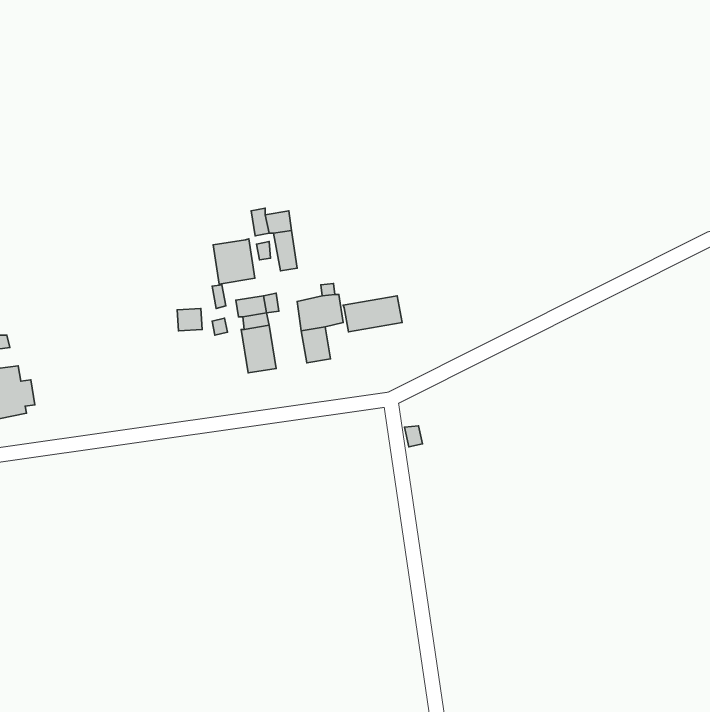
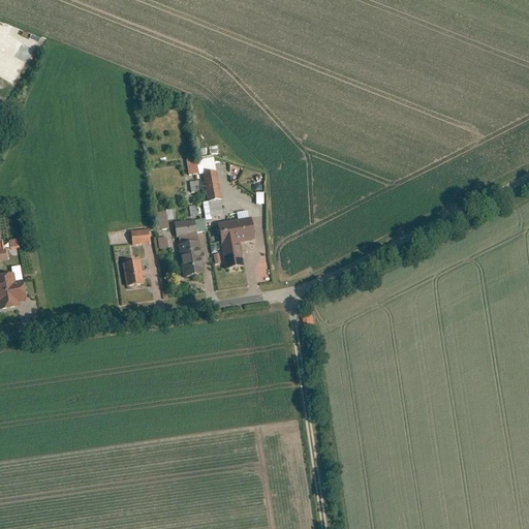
building: [213,239,255,284] -> none
building: [343,296,402,332] -> none
building: none -> [123,259,146,288]

